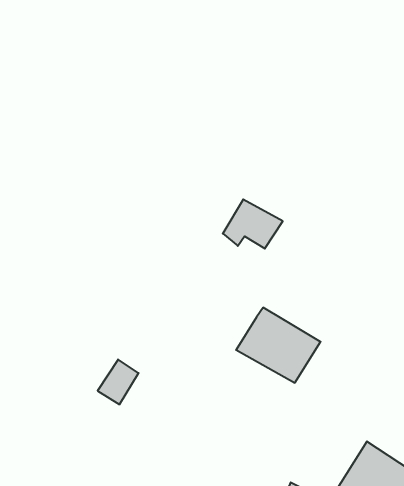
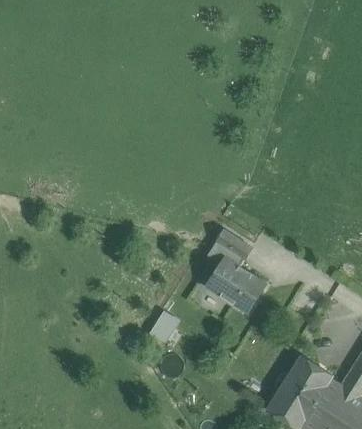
building: [223,199,283,249] -> [209,231,253,267]
building: [98,359,139,404] -> [150,309,180,342]

